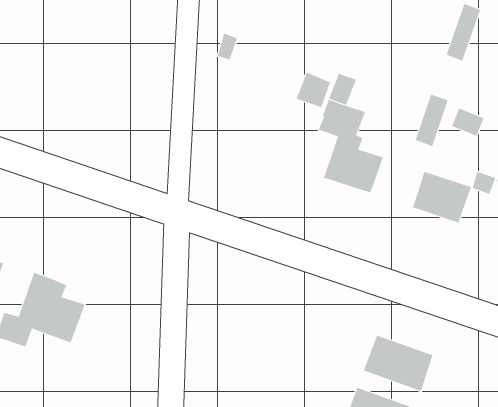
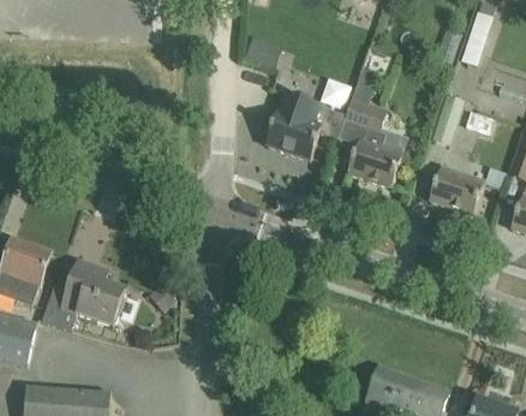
building: none -> [265,91,346,159]
building: [363,335,433,392] -> none

